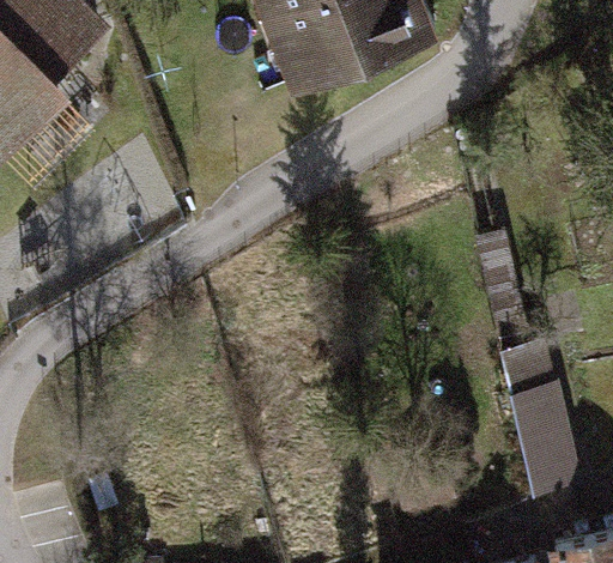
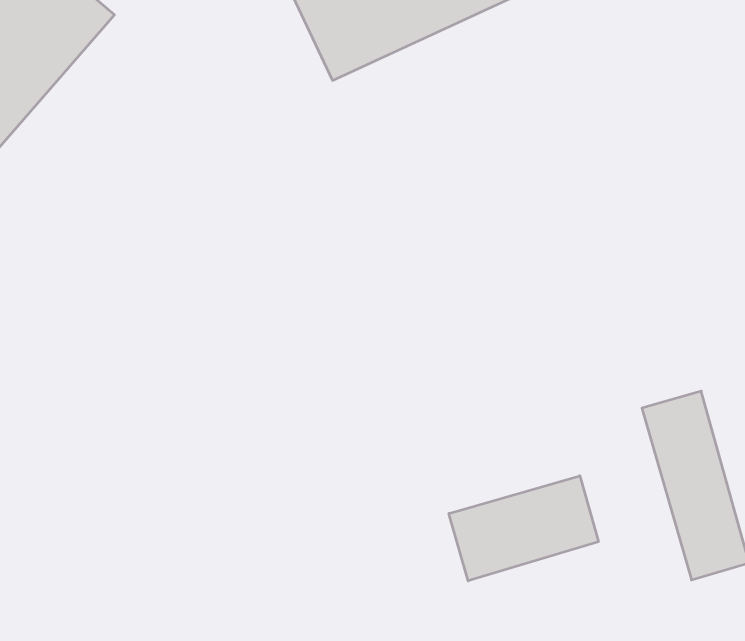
building: none -> [449,476,598,581]

